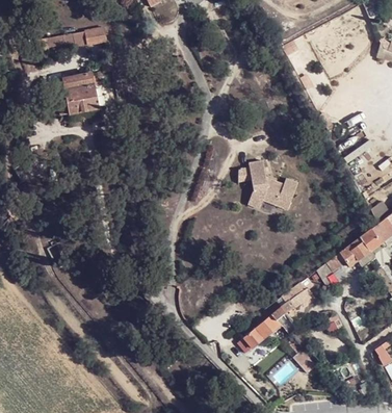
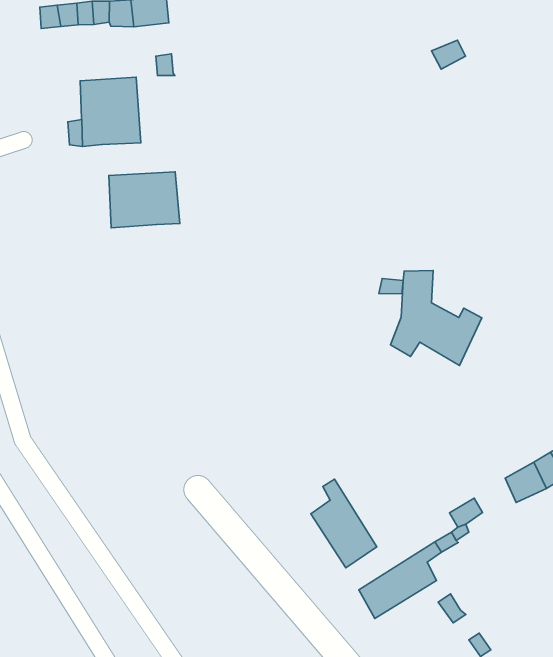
building: none -> [109,172,180,228]
building: none -> [311,479,377,568]

